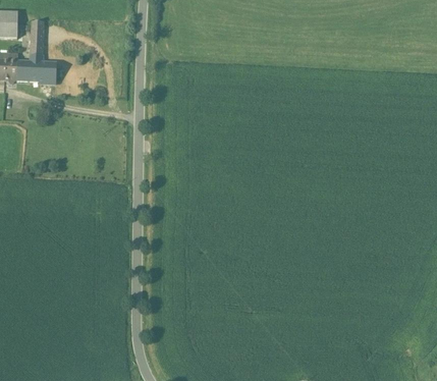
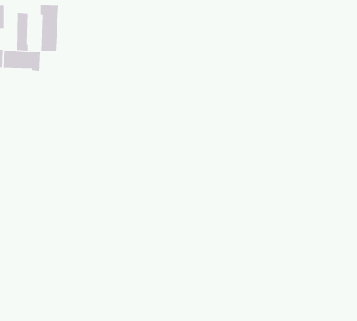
building: none -> [40,4,59,52]

